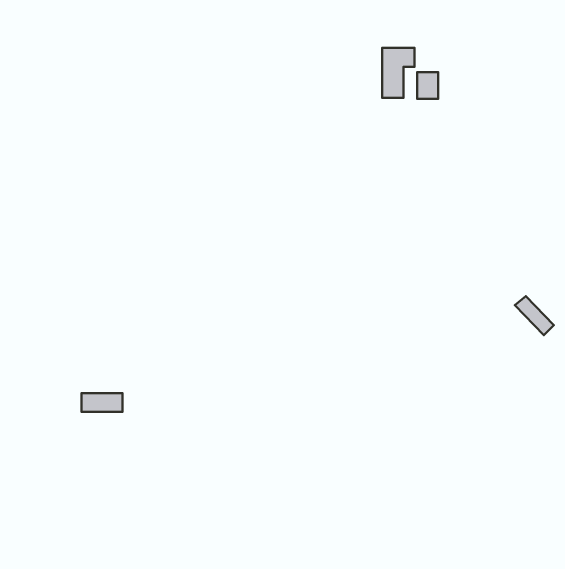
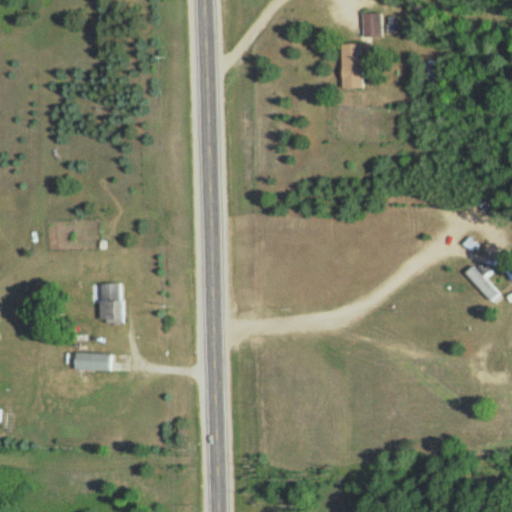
building: [417,72,438,99] -> [363,13,382,37]
building: none -> [99,282,122,323]

